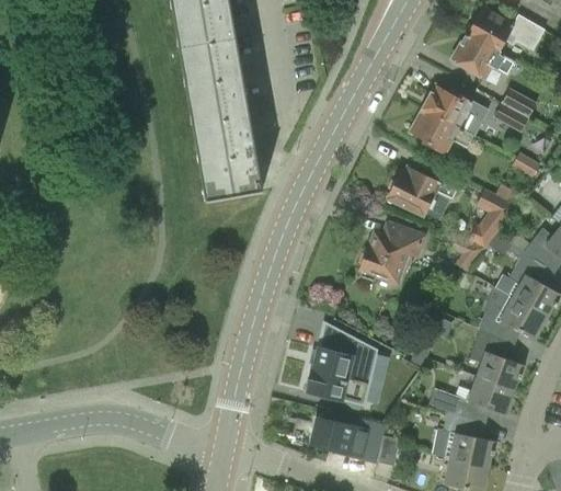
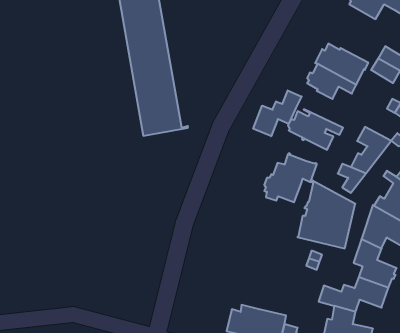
building: [453,35,514,78] -> none
building: none -> [253,90,302,136]
building: [306,320,378,406] -> [297,180,355,248]

